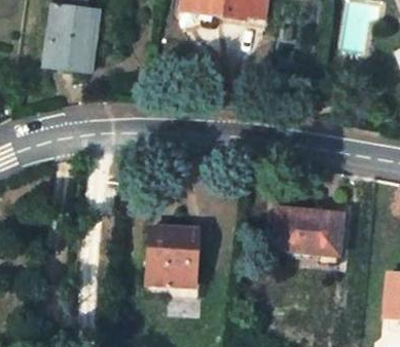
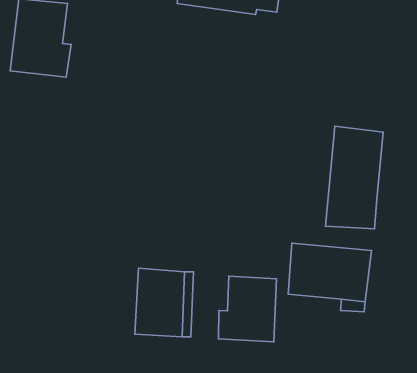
building: none -> [325,126,383,229]
building: none -> [219,276,276,342]

